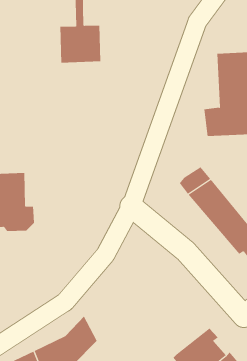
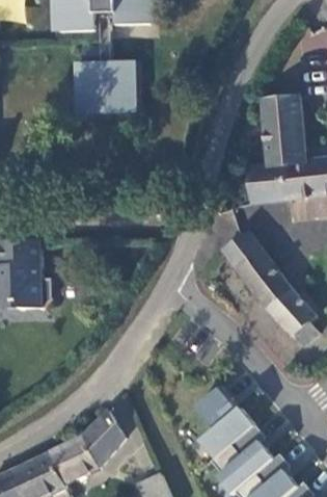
building: none -> [196,381,255,453]

